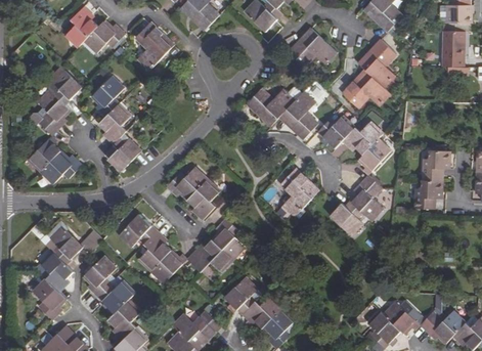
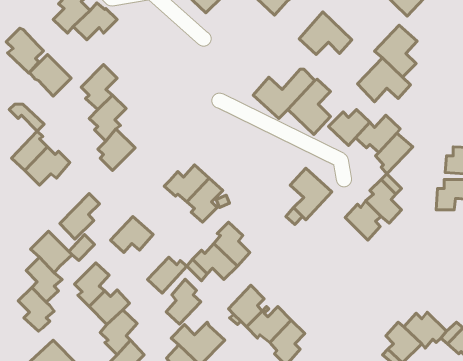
building: [135,21,173,70] -> none
building: [36,89,70,130] -> [6,28,43,73]
building: none -> [60,193,99,239]
building: [138,230,170,271] -> [166,279,201,324]

